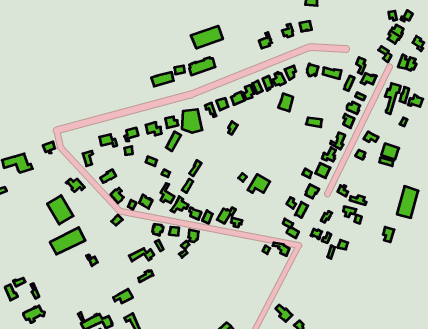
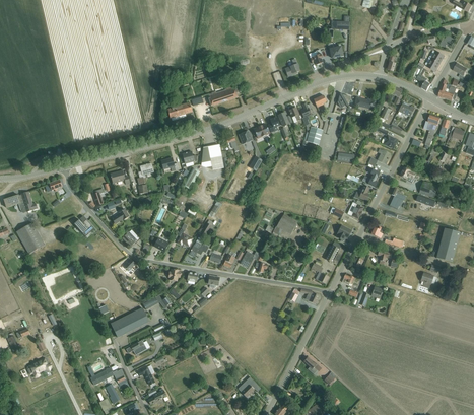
building: [191,26,223,48] -> none
building: [47,195,73,224] -> [16,222,45,254]
building: [50,227,85,254] -> [111,307,149,337]

